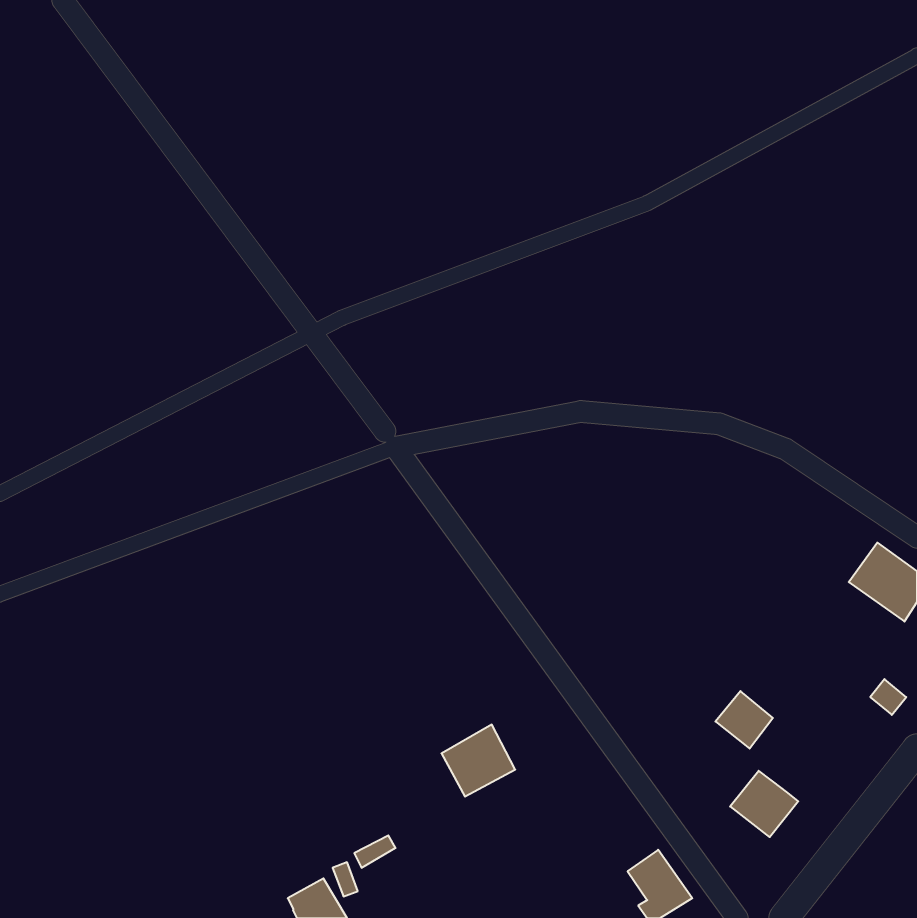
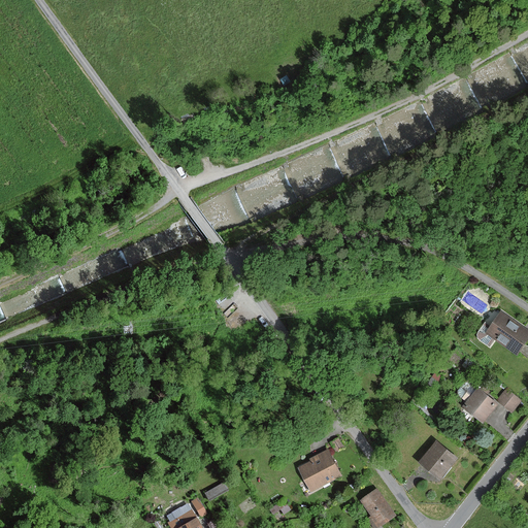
building: [715,691,773,749] -> [464,388,497,421]
building: [441,725,515,797] -> [297,450,339,491]

